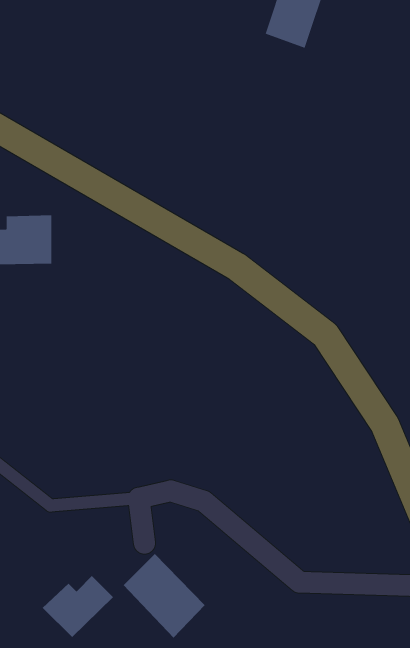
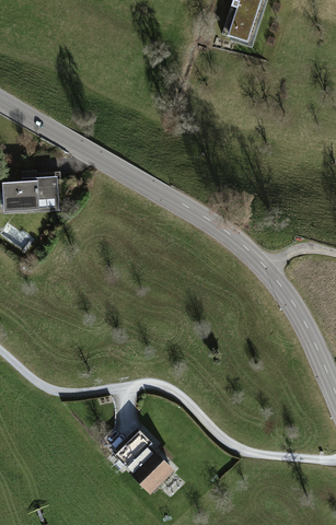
building: [42,575,114,638] -> none

